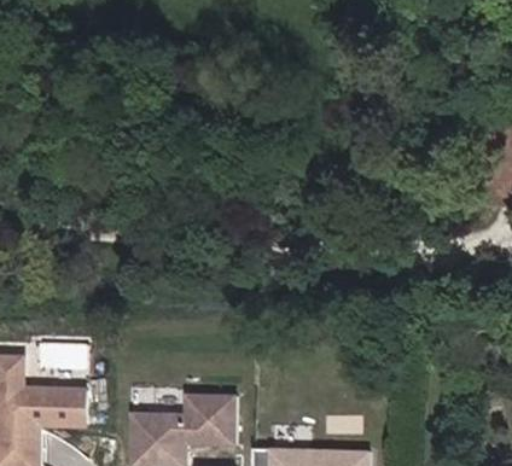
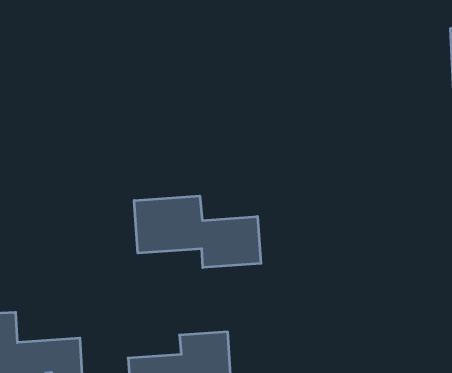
building: none -> [134,196,261,268]

